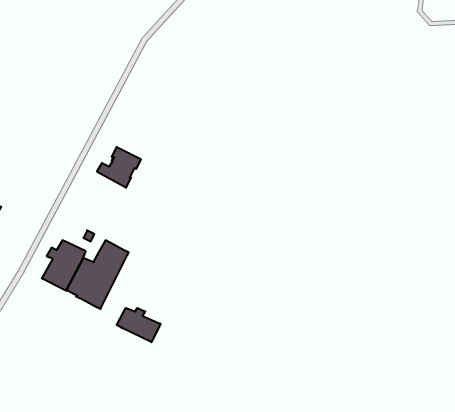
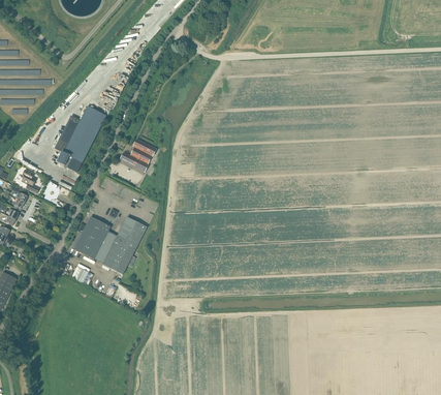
building: none -> [55,107,105,173]
building: [117,308,161,342] -> none

